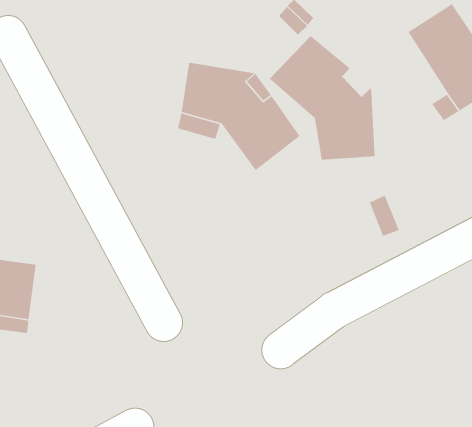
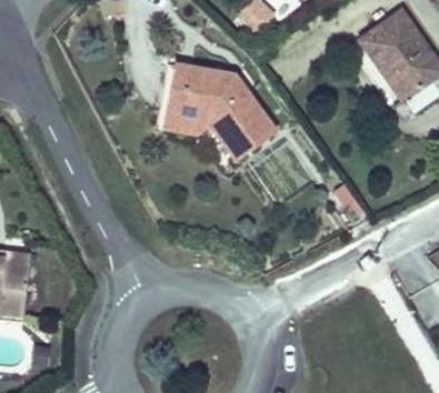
building: [269,35,376,161] -> none

